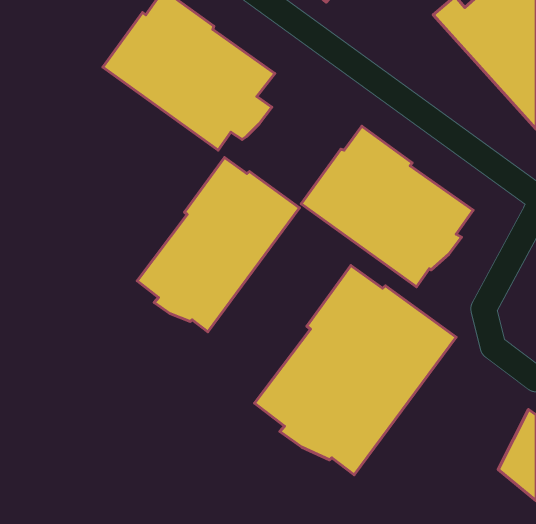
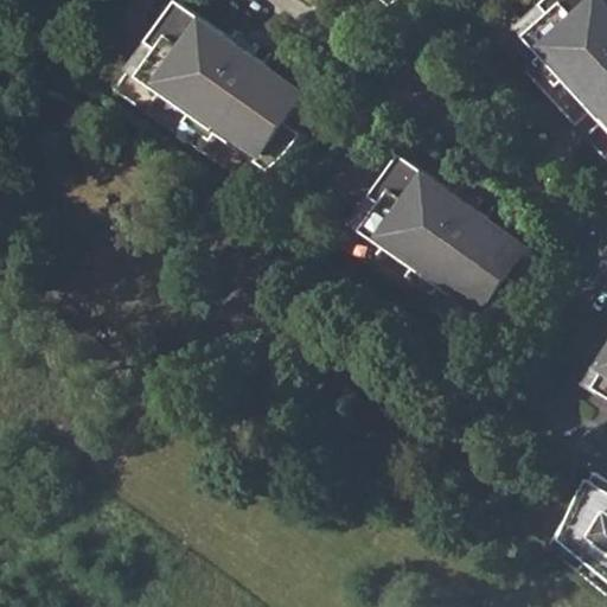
building: [137,158,299,332] -> none
building: [254,265,456,475] -> none

